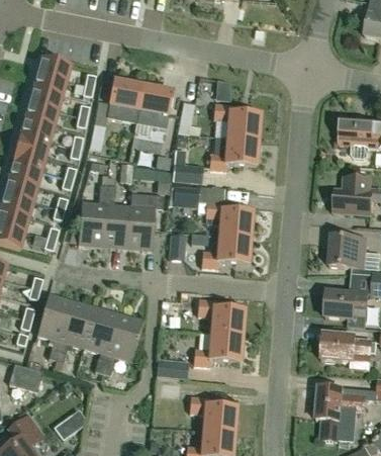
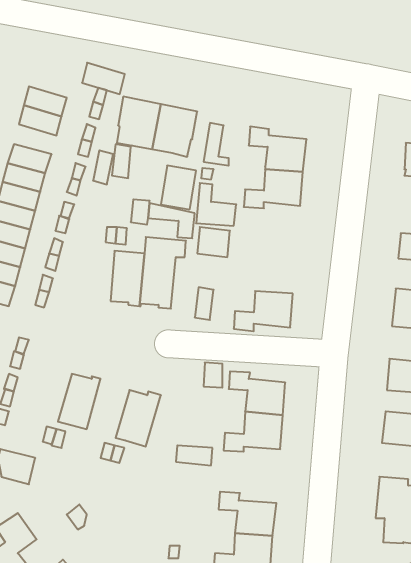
building: [36,55,71,80] -> [82,63,125,94]
building: [24,101,59,125] -> none
building: [77,201,105,245] -> none
building: [204,201,251,238] -> none
building: [36,293,71,341] -> none
building: [83,306,117,354] -> none

